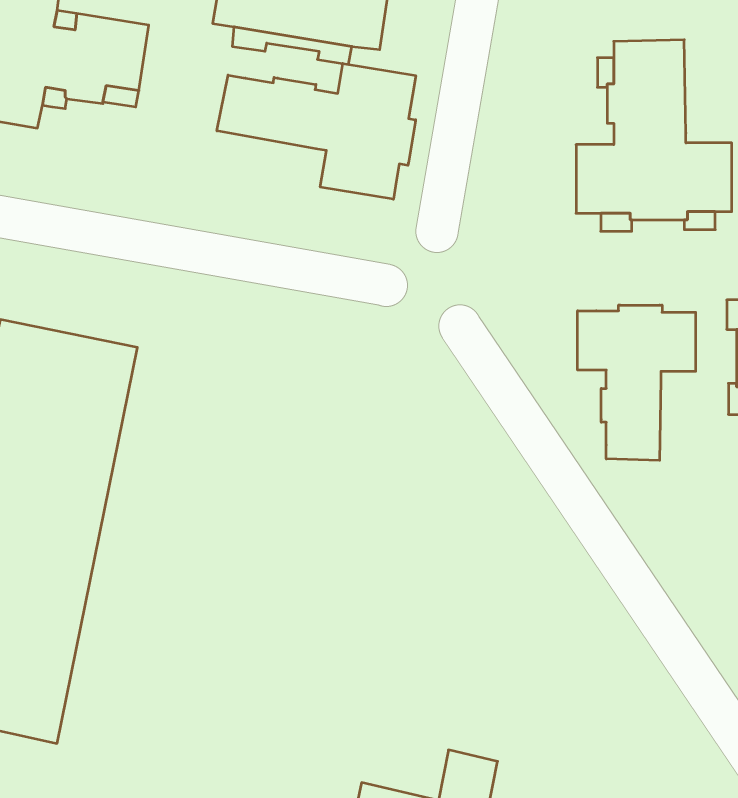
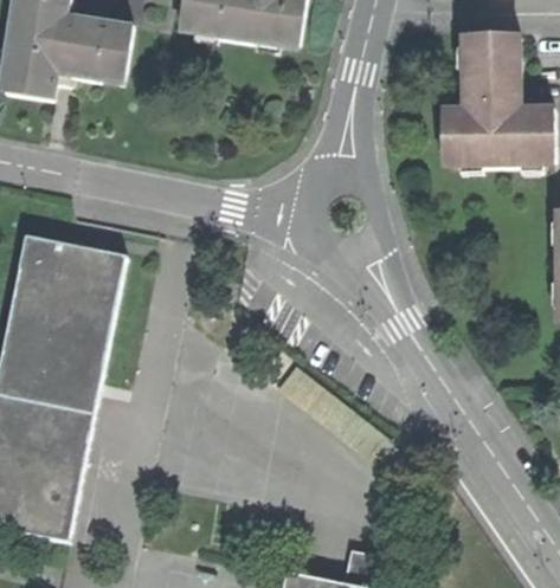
building: [217,63,416,199] -> none
building: [578,305,696,460] -> none

